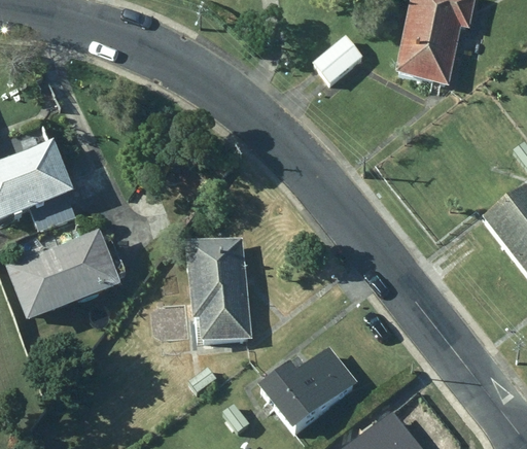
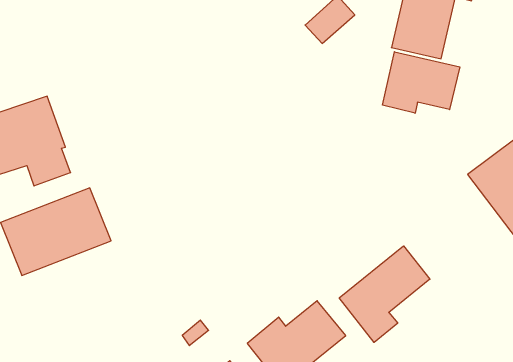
building: none -> [383,52,460,113]
building: [184,236,251,340] -> none
building: none -> [339,246,430,342]

